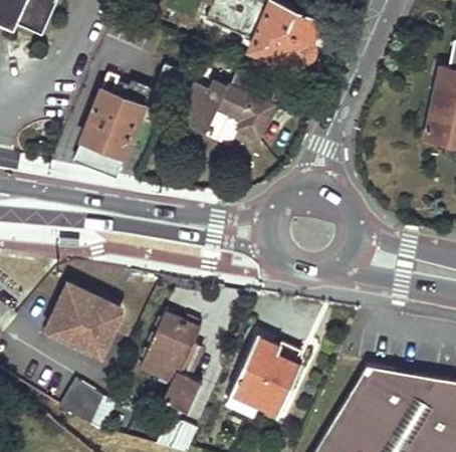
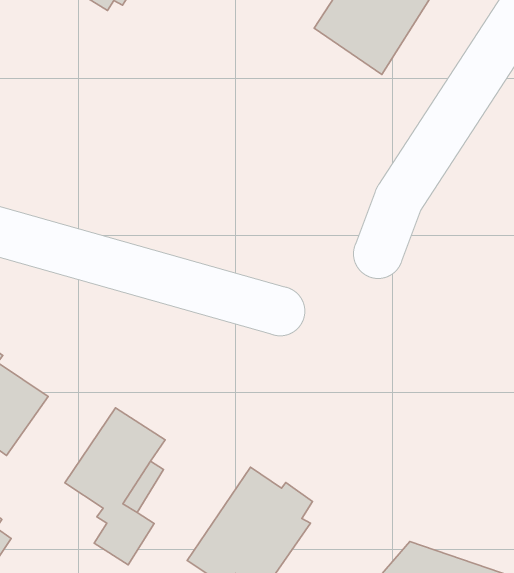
building: [184,74,278,138] -> none
building: [76,81,146,174] -> none

